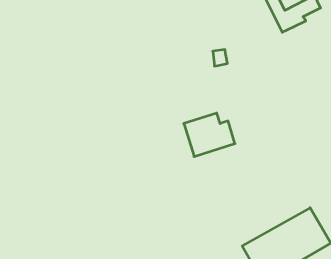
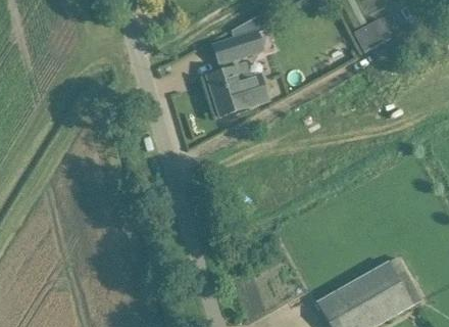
building: none -> [210,29,262,64]
building: [184,113,235,157] -> [207,63,267,114]

